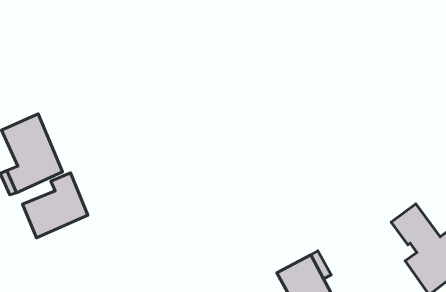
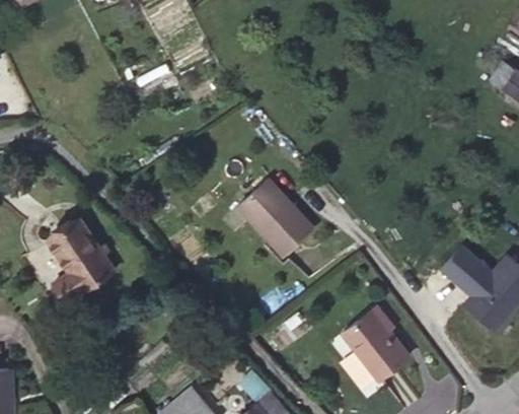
building: none -> [237,181,313,258]
building: [22,173,88,238] -> none

